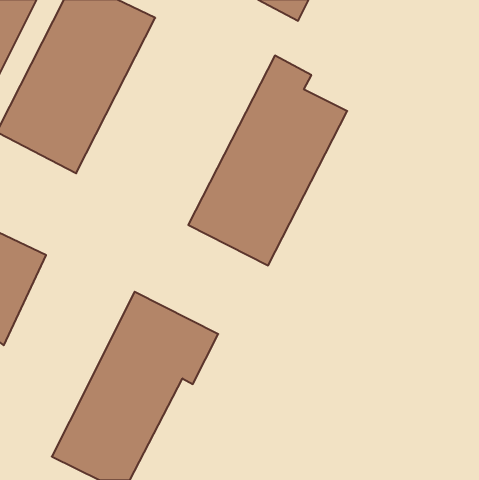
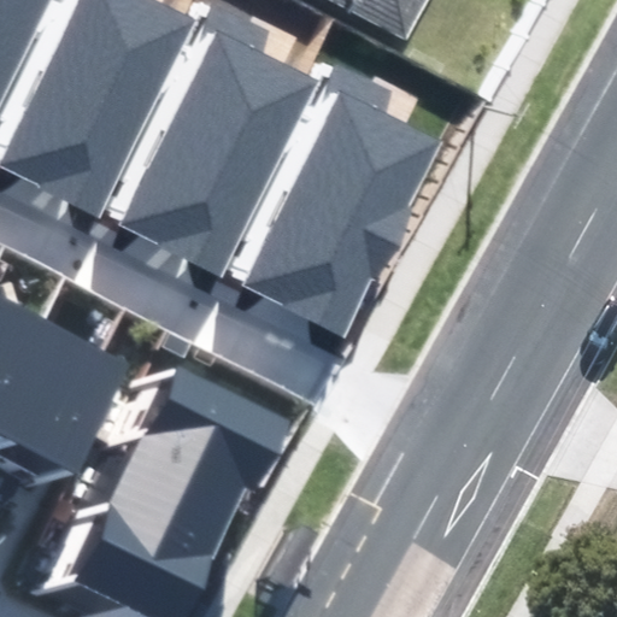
building: none -> [117,12,321,280]
building: none -> [5,327,124,472]

